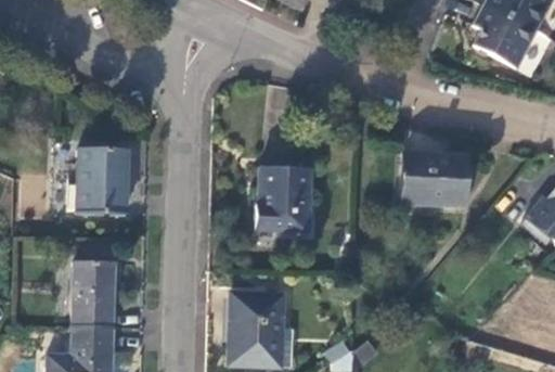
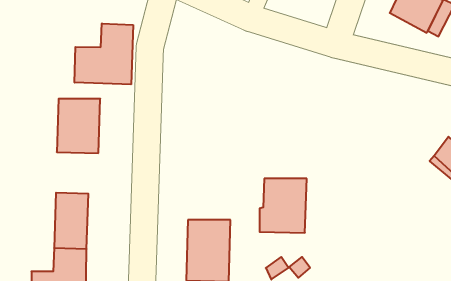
building: none -> [75,23,133,84]
building: [403,151,468,207] -> none
building: [256,166,312,231] -> [260,179,307,233]

